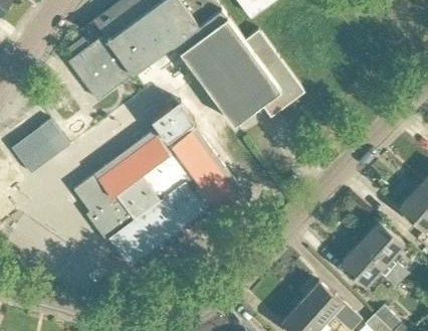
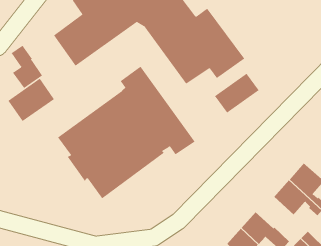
building: none -> [11,45,43,89]
building: none -> [214,73,259,114]

